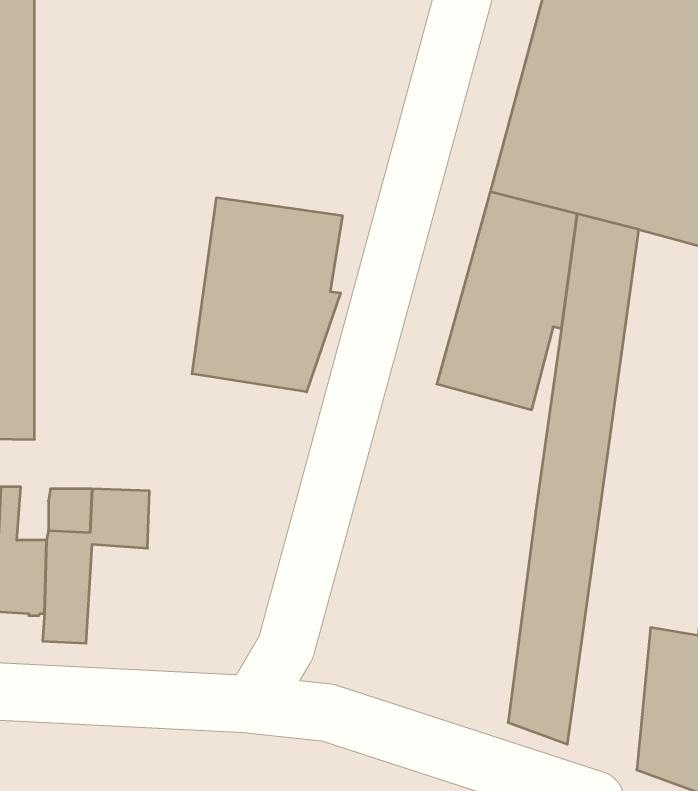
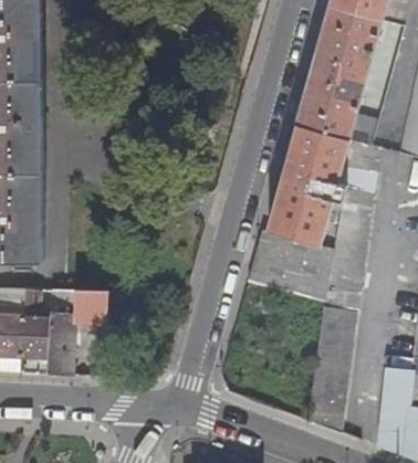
building: [192,198,342,392] -> none
building: none -> [247,228,330,301]

